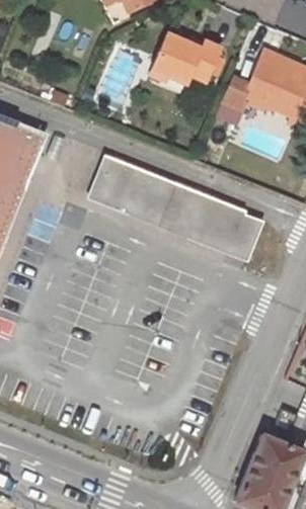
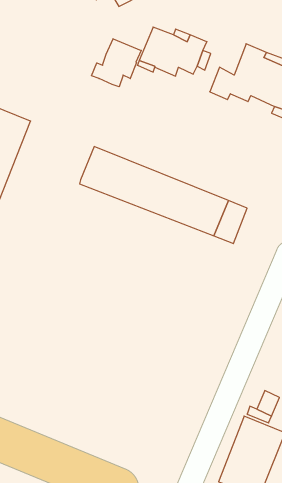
building: none -> [91,39,141,87]

